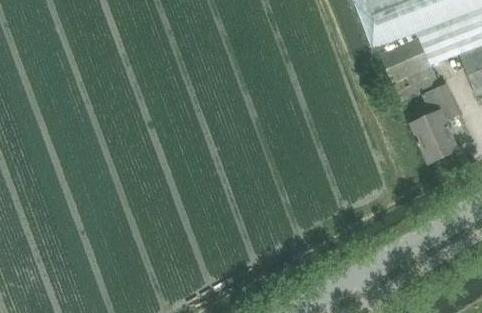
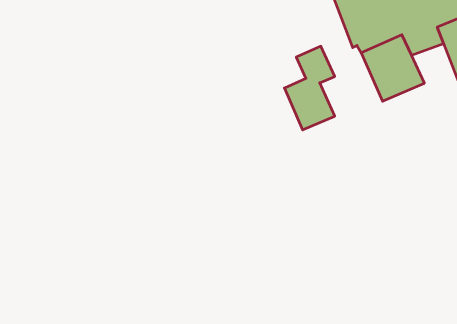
building: [412,84,459,162] -> [284,46,335,130]

